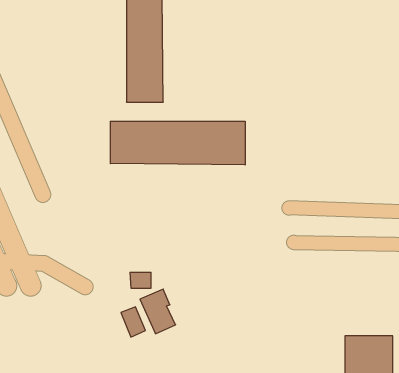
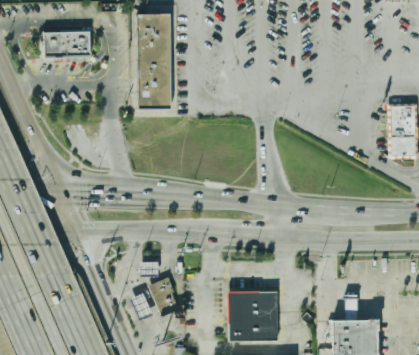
building: none -> [46,28,93,55]
building: [110,121,245,165] -> none
building: none -> [229,290,278,340]

